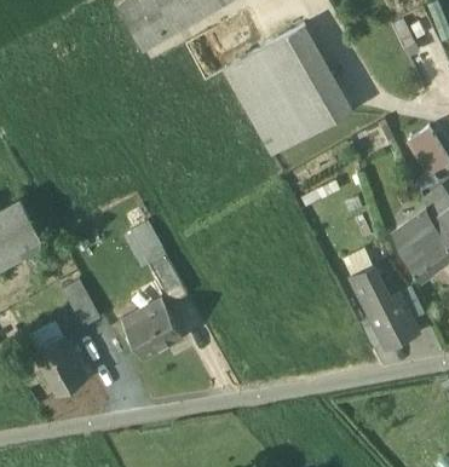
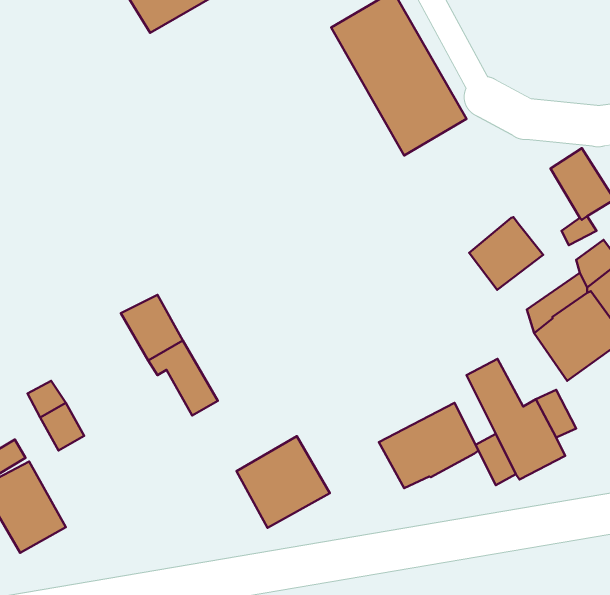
building: [224,48,311,155] -> none
building: none -> [469,217,543,290]
building: none -> [379,403,478,488]
building: [121,298,183,358] -> [236,436,330,528]

